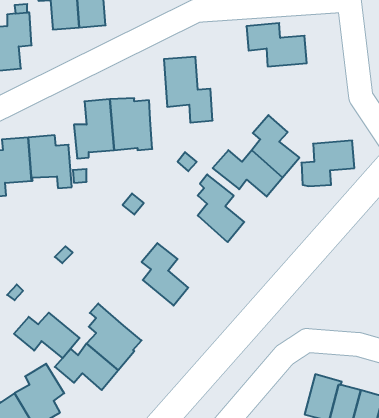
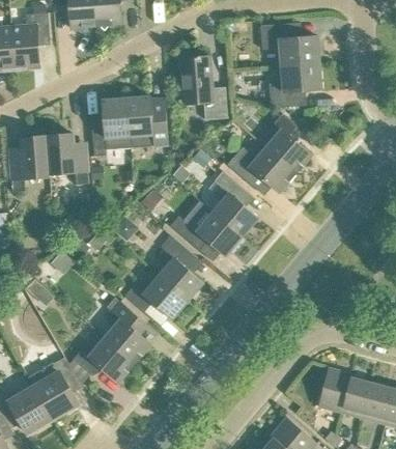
building: [301,141,354,186] -> [270,62,321,107]
building: none -> [170,211,242,256]
building: [14,313,80,358] -> [124,275,189,319]

